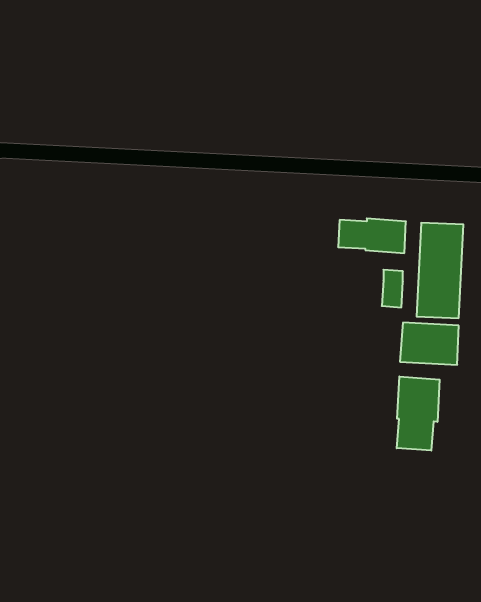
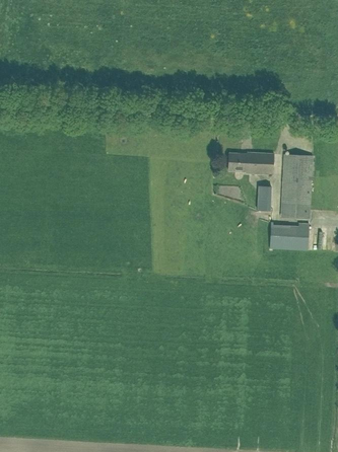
building: [397,376,440,451] -> none

